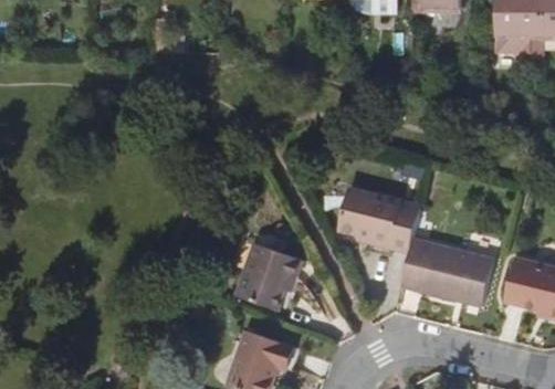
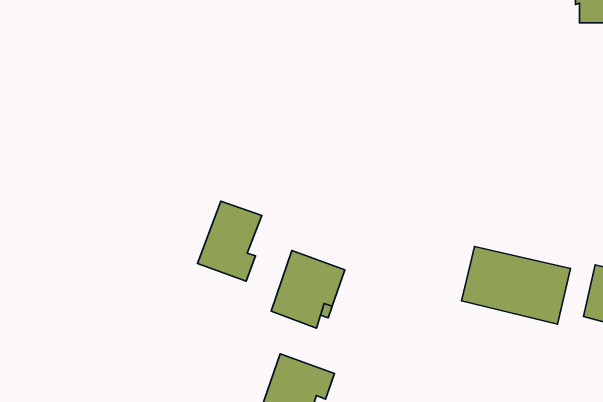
building: [336,189,418,255] -> none
building: none -> [198,201,262,281]

